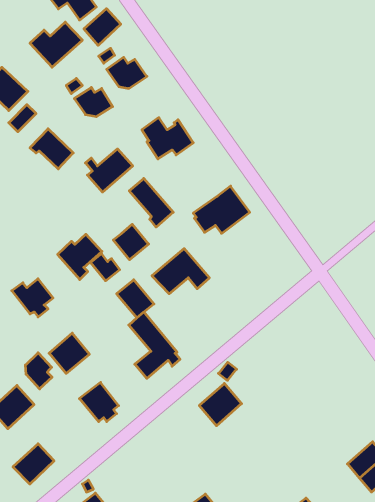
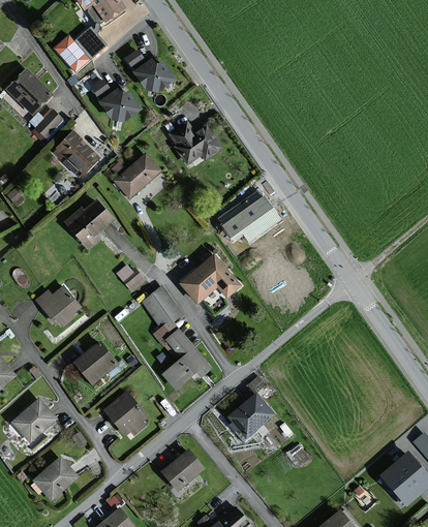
building: [84,9,121,45] -> none
building: [129,178,173,227] -> none
building: [113,224,149,260] -> none
building: [58,234,102,280] -> [65,202,111,248]
building: [25,353,52,389] -> none
building: none -> [162,452,202,490]

